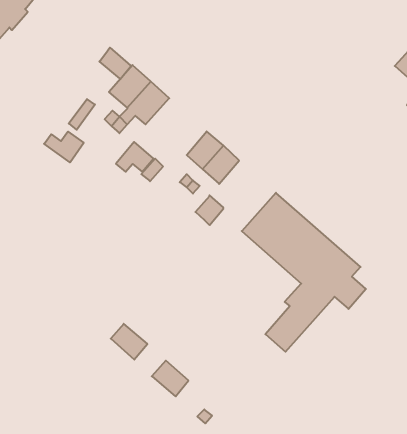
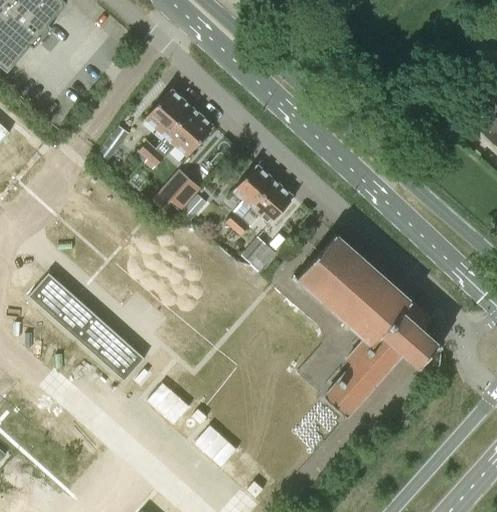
building: [99,48,131,79] -> none
building: [44,132,84,162] -> none
building: none -> [27,273,144,381]

